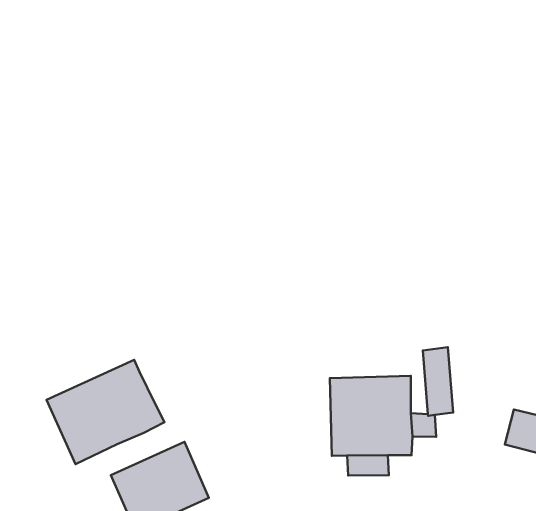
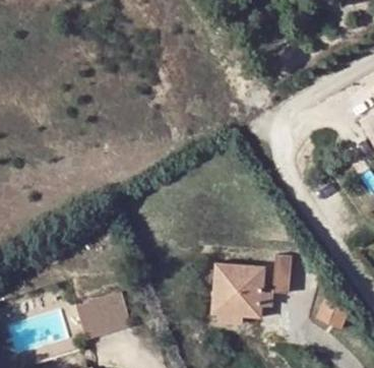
building: [47,360,165,464] -> none

